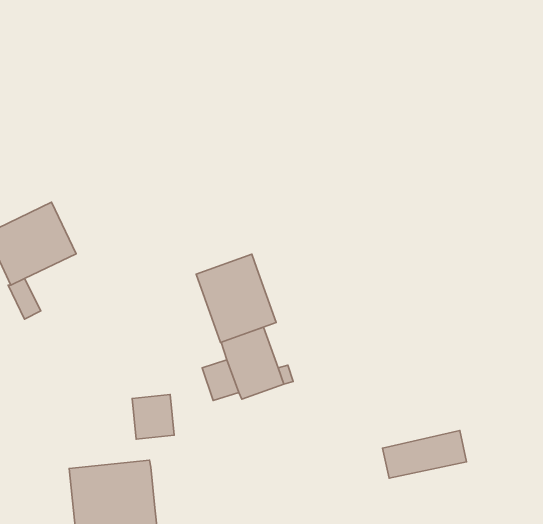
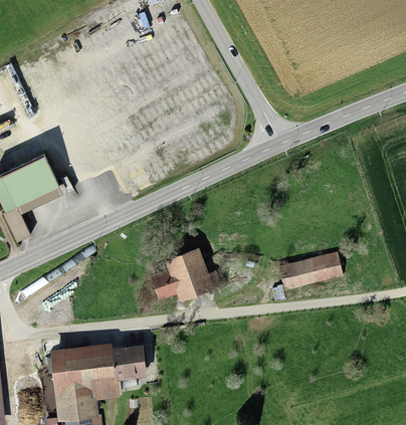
building: [196,254,276,342] -> none
building: [132,394,174,439] -> [113,346,144,379]
building: [382,431,467,478] -> [279,254,342,289]

